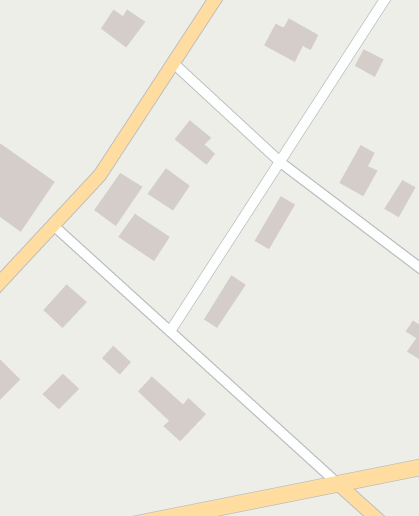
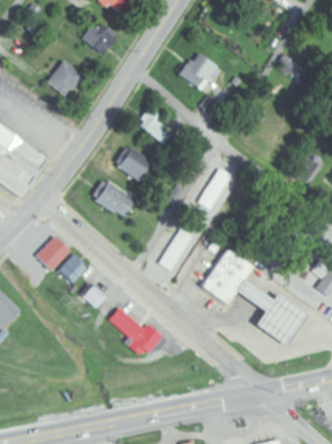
building: [263,17,319,63] -> [177,54,220,89]
building: none -> [45,59,80,96]
building: [338,144,378,197] -> none
building: [93,172,143,227] -> none
building: none -> [200,248,304,345]
building: [42,373,80,410] -> [59,253,88,282]

